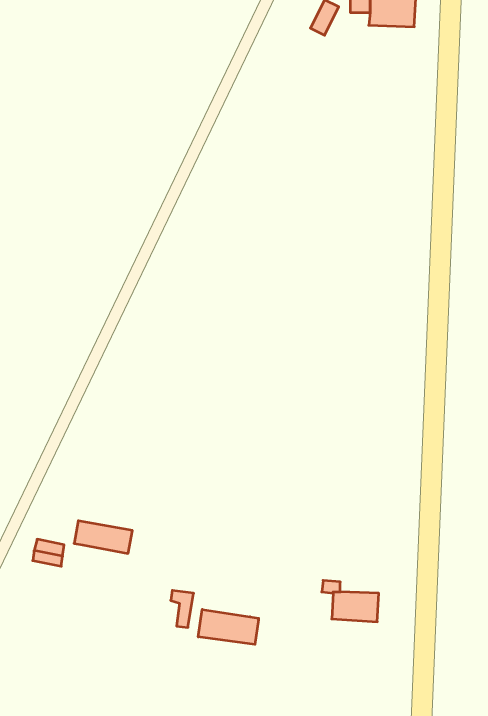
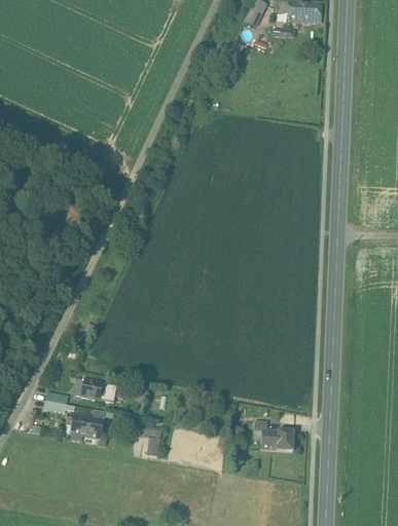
building: none -> [65,413,103,439]
building: [198,609,259,644] -> none

